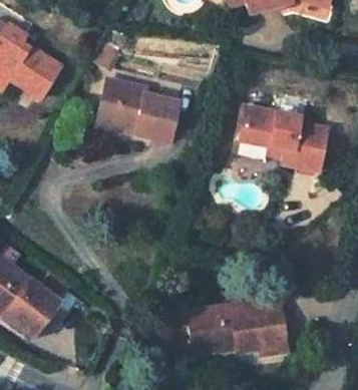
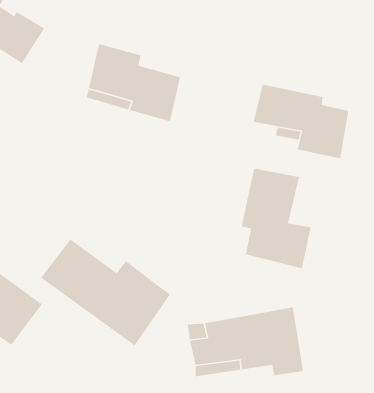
building: none -> [241,168,311,269]
building: none -> [40,238,171,346]

